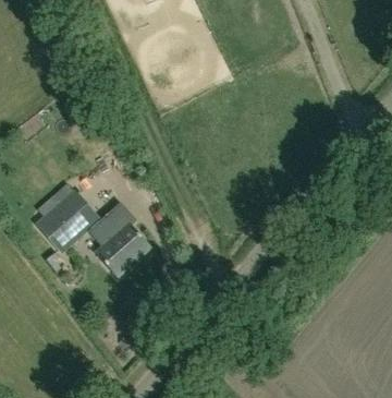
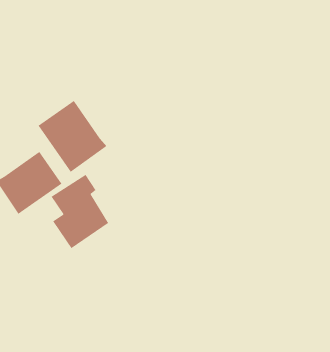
building: none -> [38,100,108,173]

